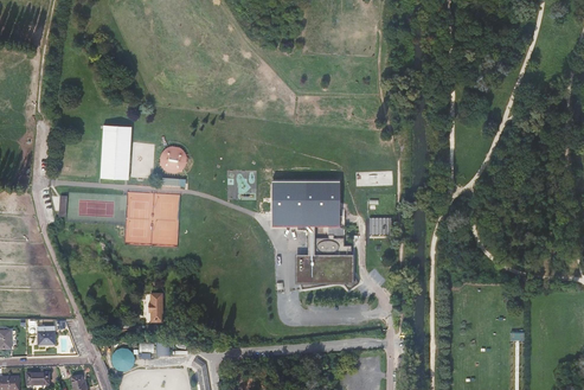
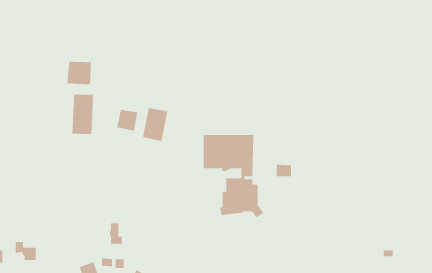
building: none -> [67,61,92,85]
building: none -> [142,107,168,142]

